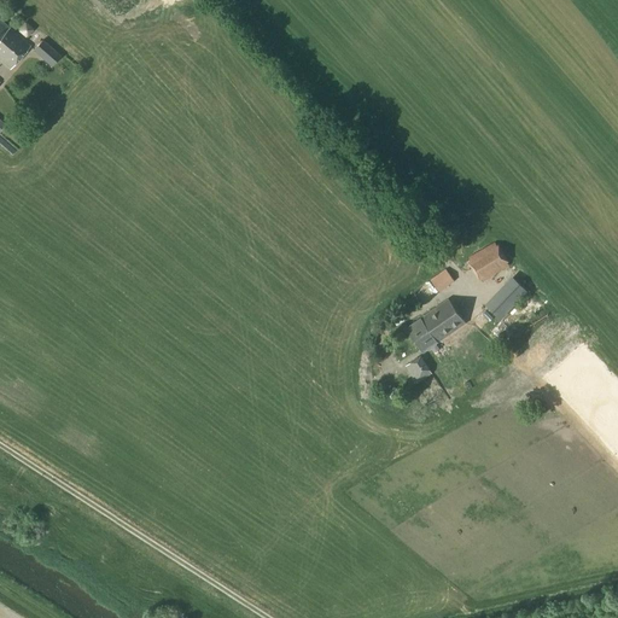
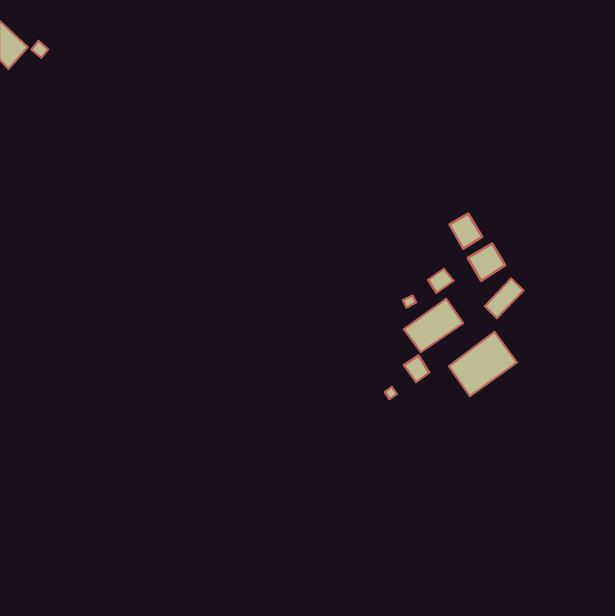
building: none -> [449,213,482,249]
building: none -> [449,332,517,396]

